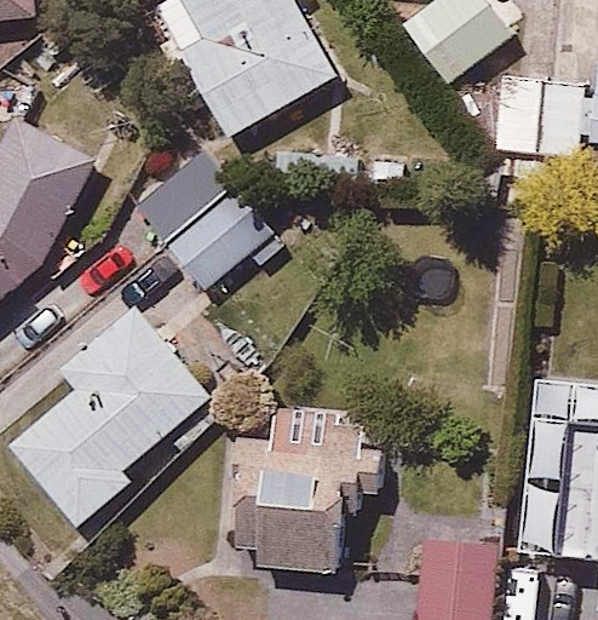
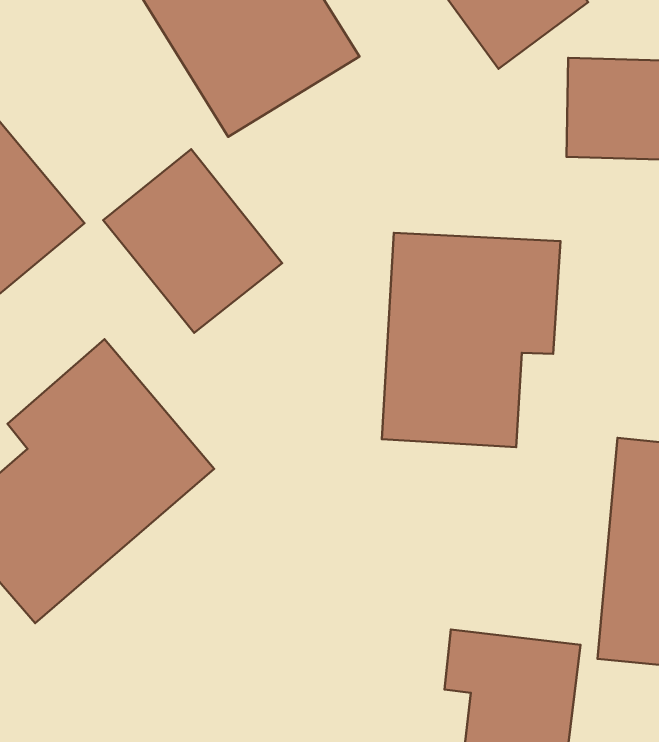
building: none -> [382,233,560,447]
building: [225,400,389,567] -> none

